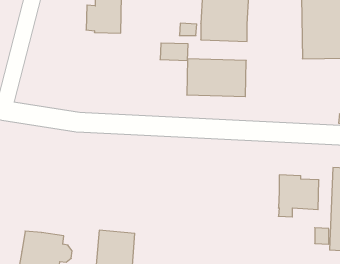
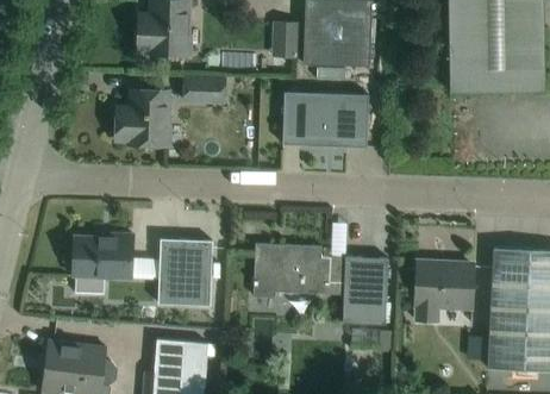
building: [160,43,188,60] -> [185,77,225,102]
building: none -> [117,90,169,145]
building: none -> [74,233,133,295]
building: none -> [158,239,213,306]
building: none -> [254,243,388,325]

